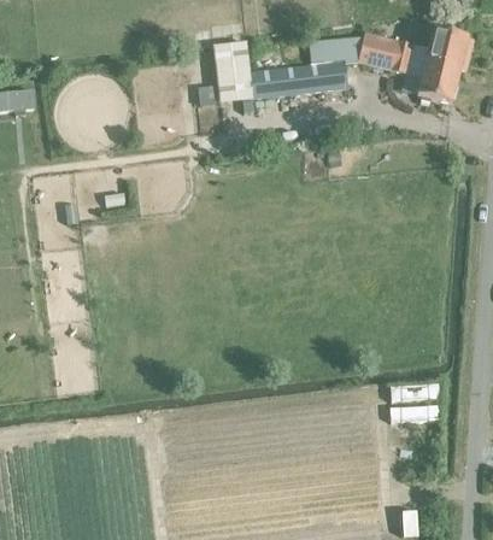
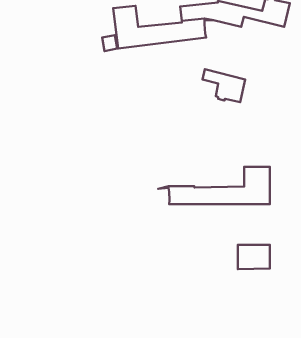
building: [399,57,460,104] -> [202,69,245,102]
building: none -> [158,167,270,204]

